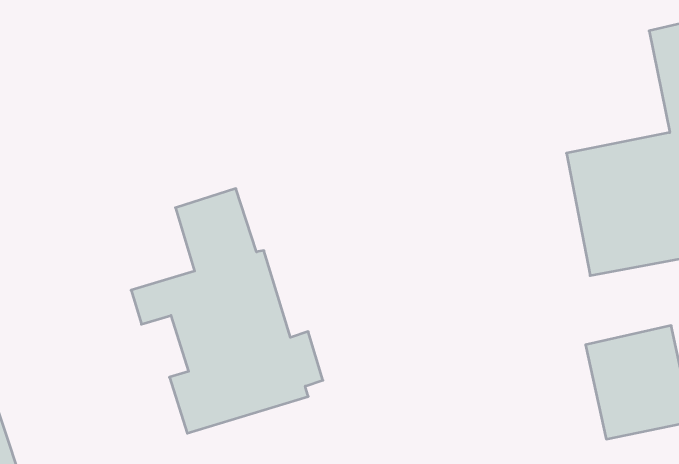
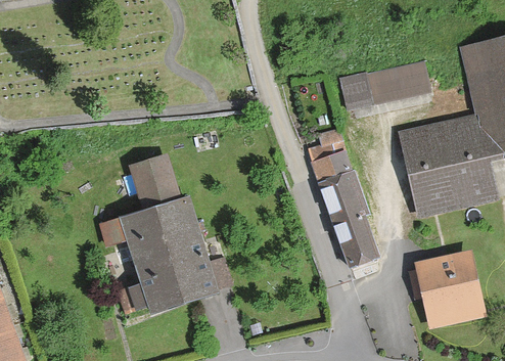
building: none -> [340,59,431,112]
building: none -> [306,127,381,269]

